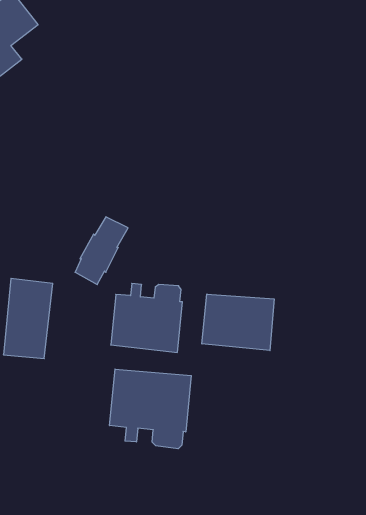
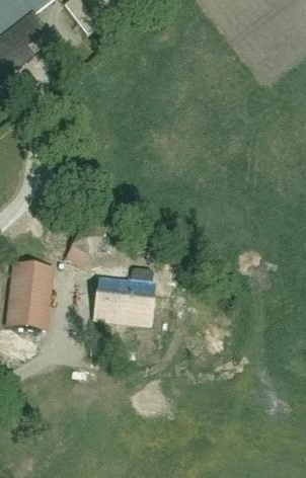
building: [202,294,274,351] -> none
building: [110,369,191,449] -> none

